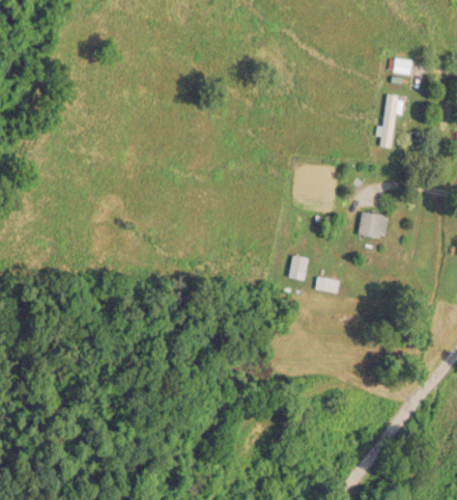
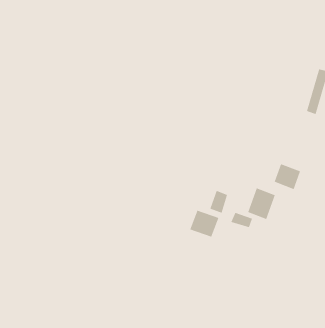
building: none -> [247,187,275,220]
building: none -> [190,210,219,238]

